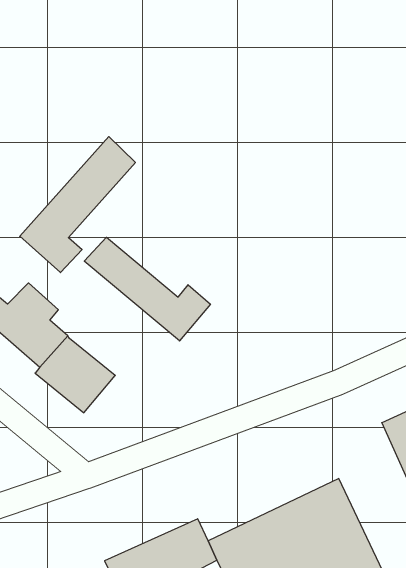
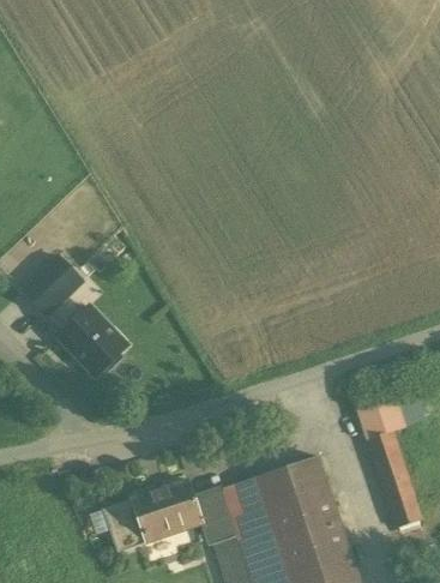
building: [20,137,135,273] -> none
building: [84,237,210,341] -> none

